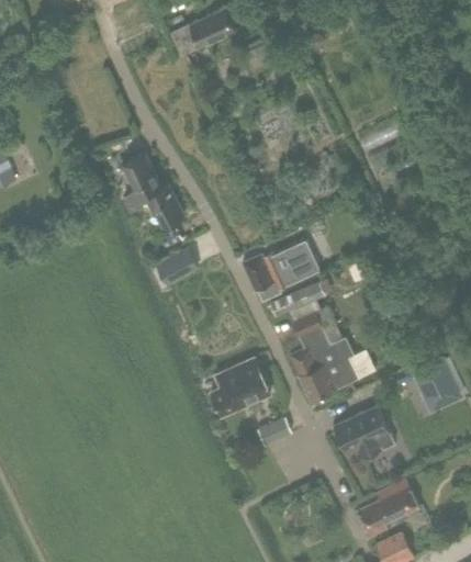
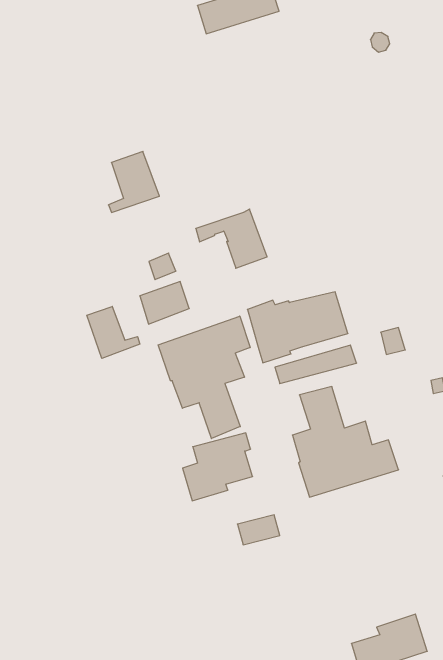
building: [126,182,184,229] -> [196,209,267,268]
building: none -> [158,316,250,439]
building: none -> [87,306,140,358]
building: [333,406,393,461] -> none

